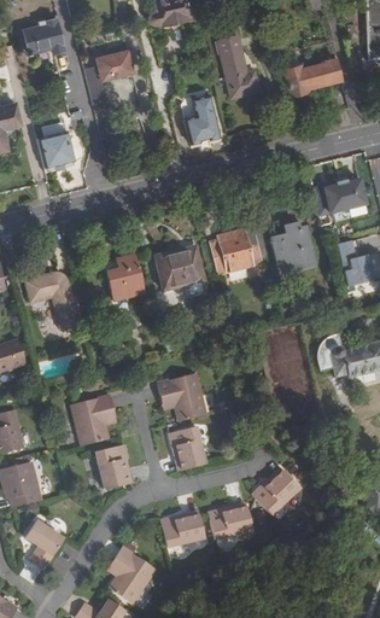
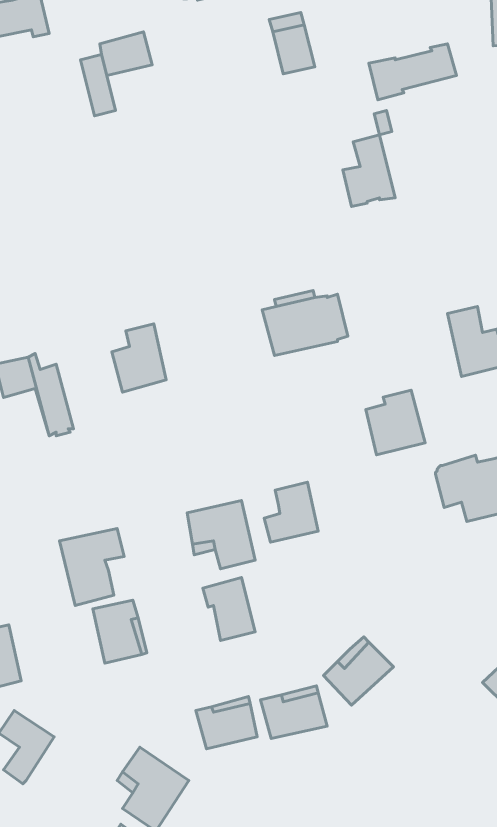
building: [223,71,258,99] -> none
building: [185,95,221,145] -> [343,135,395,207]
building: [36,122,74,173] -> none
building: [323,180,366,214] -> none
building: [273,227,314,272] -> [366,390,425,455]
building: [153,240,205,298] -> none
building: none -> [264,482,318,542]

